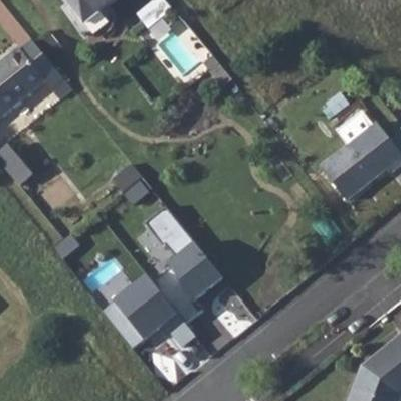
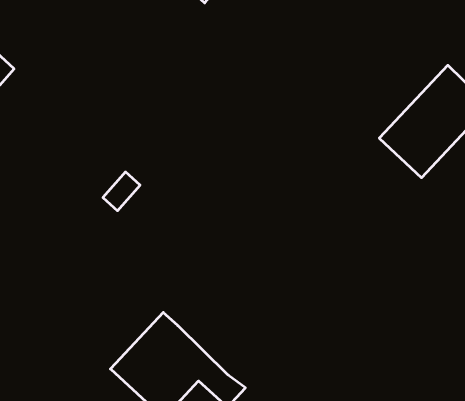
building: [148,207,219,322] -> none

